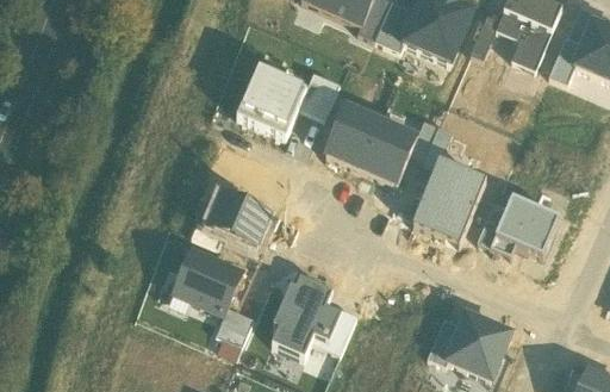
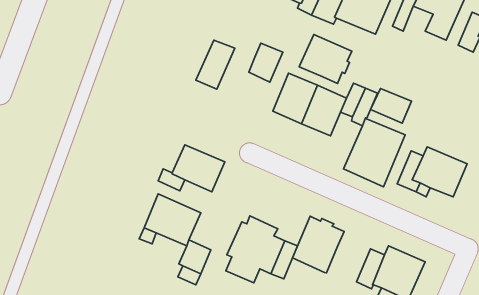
building: none -> [299,35,352,84]
building: [261,77,306,137] -> none
building: none -> [370,88,412,123]
building: none -> [292,216,344,273]

